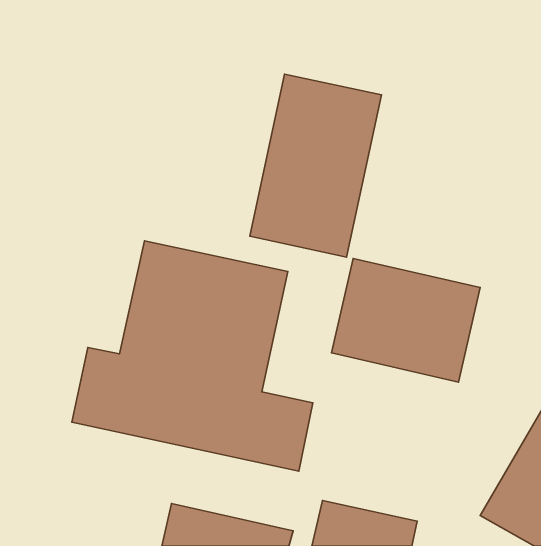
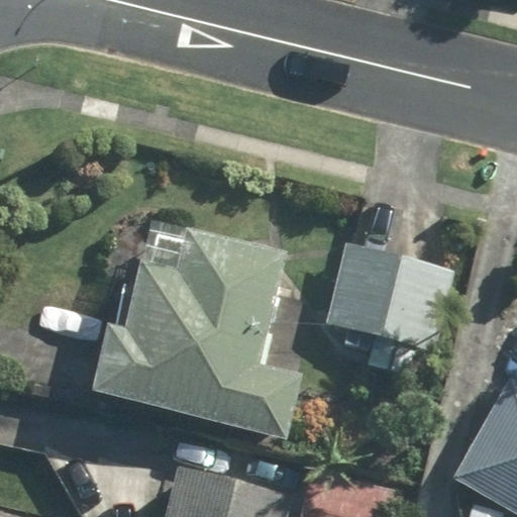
building: [250,74,382,257] -> none

